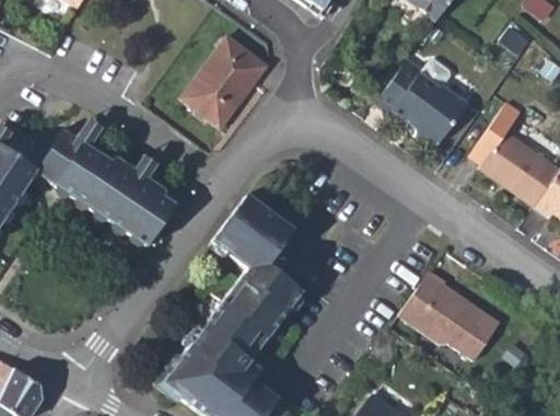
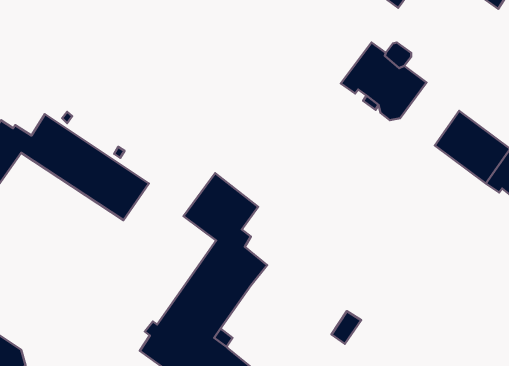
building: [180,37,267,129] -> none
building: [398,278,501,366] -> none

